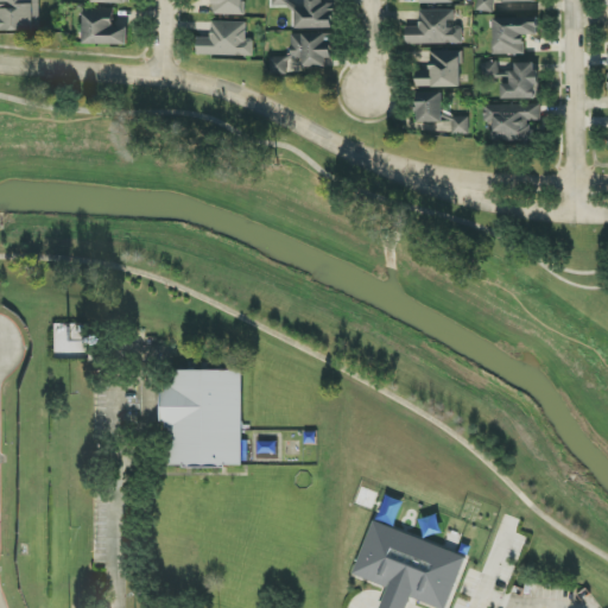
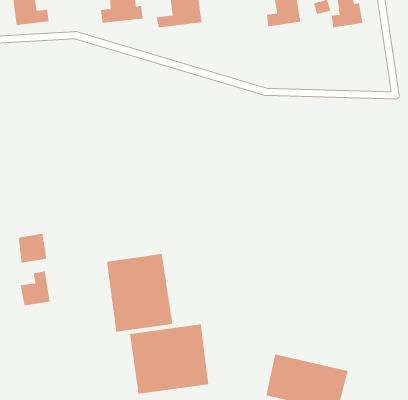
building: [416,93,468,134] -> none
building: [482,102,540,141] -> none
building: none -> [20,270,50,306]
building: none -> [129,323,209,395]

